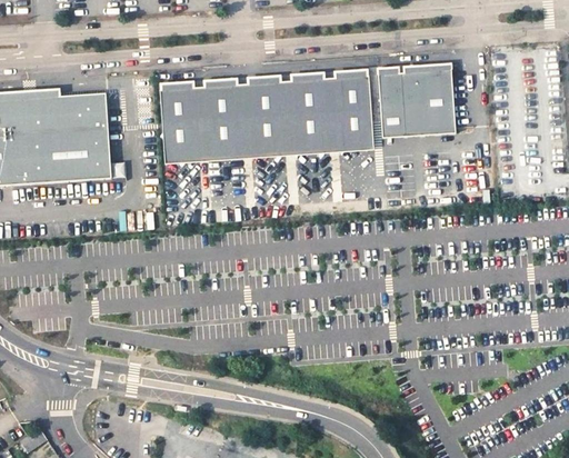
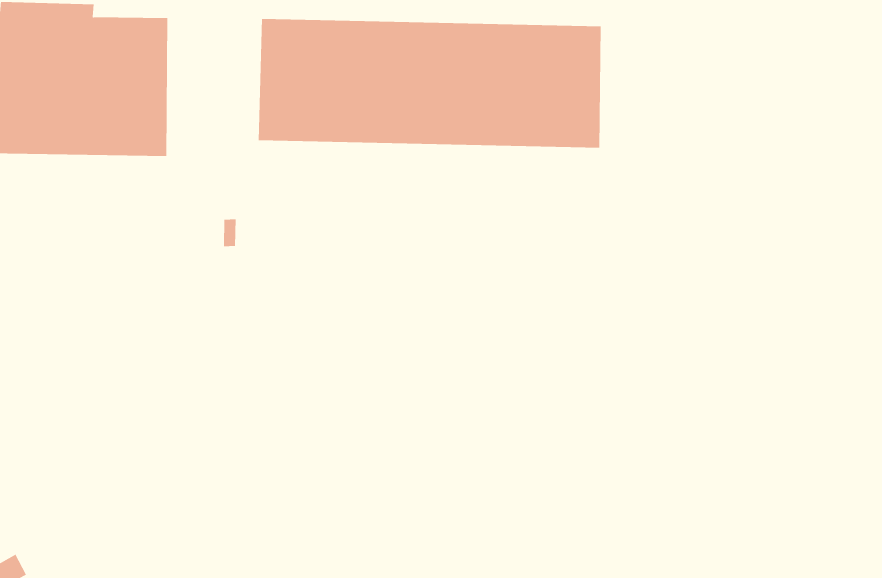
building: [378,69,455,137] -> none

